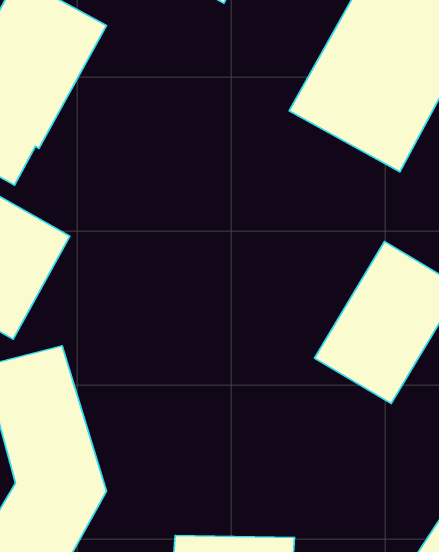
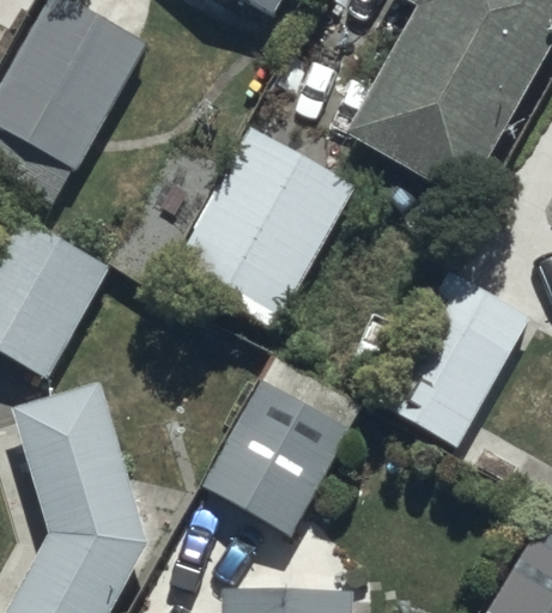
building: none -> [170,128,354,328]
building: none -> [204,381,352,536]

